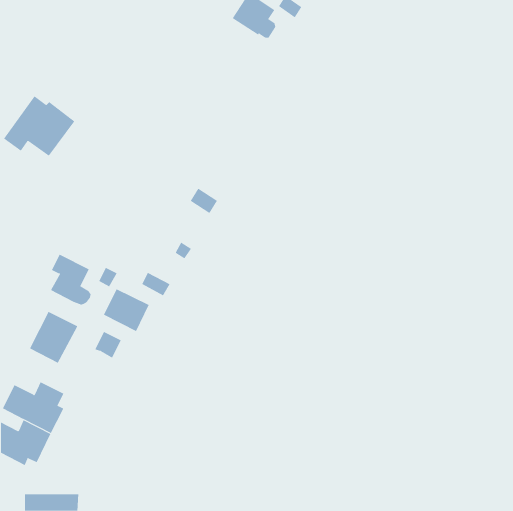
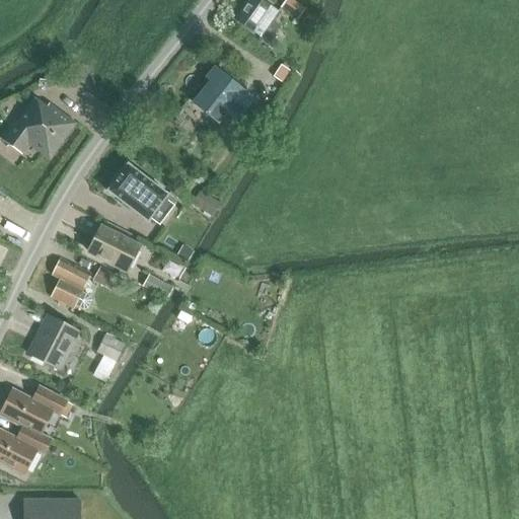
building: none -> [193,70,253,122]
building: none -> [107,163,168,221]
building: [103,289,149,332] -> [88,225,135,269]

